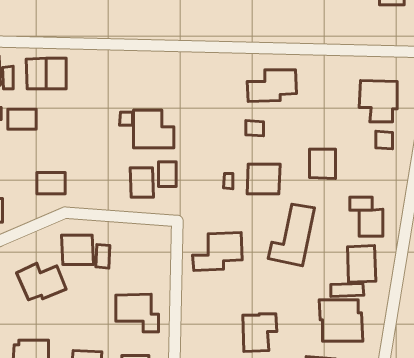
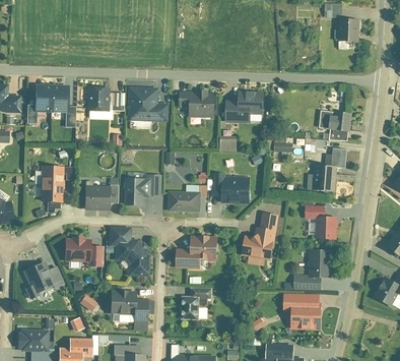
building: none -> [88,84,113,112]
building: none -> [187,93,214,117]
building: [8,109,36,129] -> [42,166,66,183]
building: [134,110,174,148] -> [132,86,166,119]
building: [310,149,336,179] -> [315,164,337,189]
building: none -> [83,187,111,210]
building: none -> [168,188,200,210]
building: none -> [118,239,148,274]
building: [243,314,277,352] -> [182,287,211,319]

